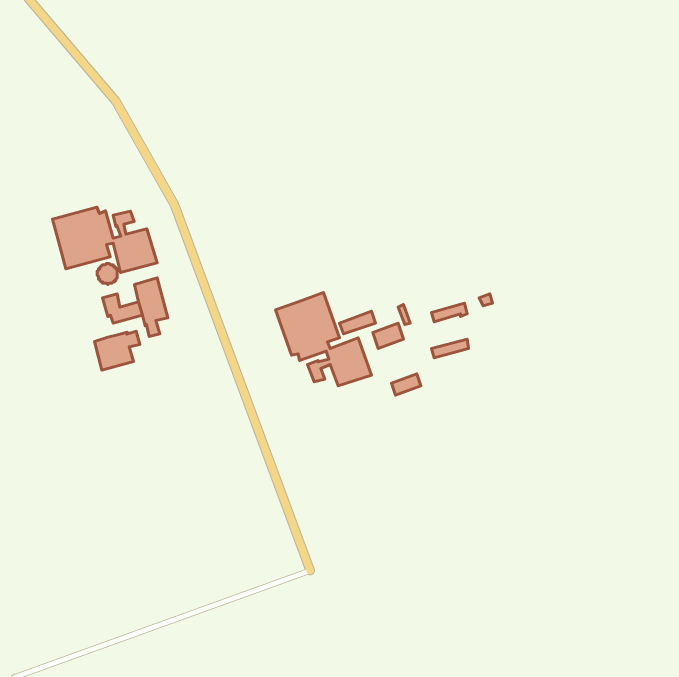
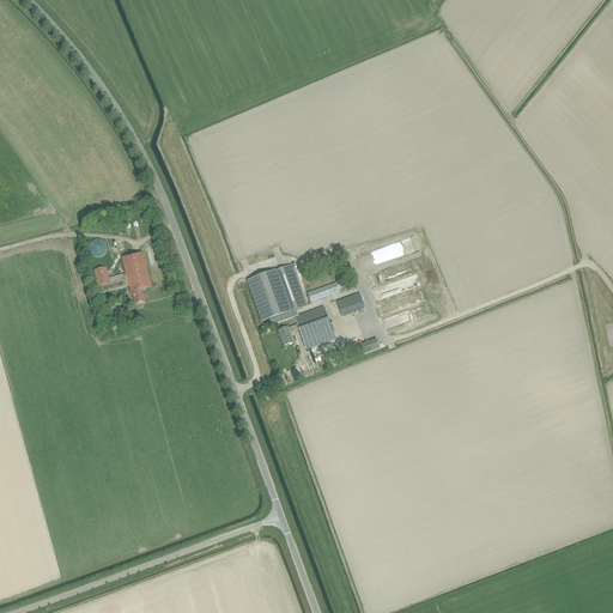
building: [53,207,157,273] -> none
building: [94,331,140,370] -> none

